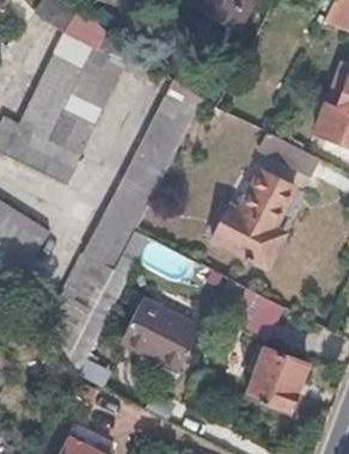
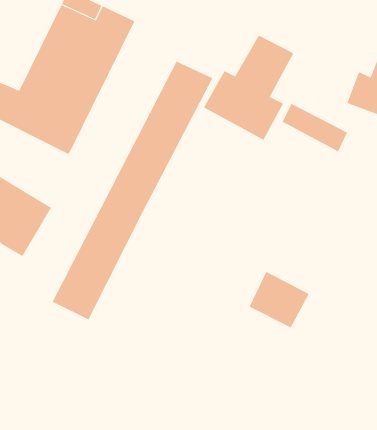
building: [212,172,294,268] -> [203,35,294,141]
building: [118,301,197,373] -> none
building: [243,348,304,411] -> none

